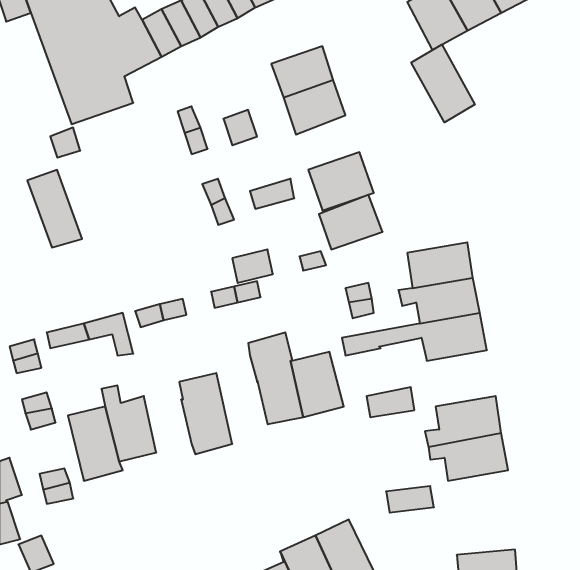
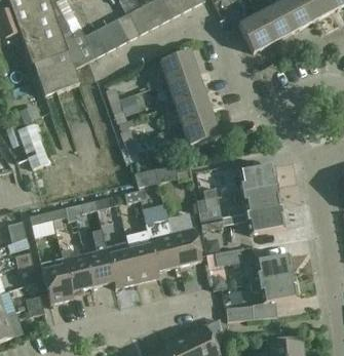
building: [411,45,475,122] -> none
building: [319,195,383,249] -> [175,90,212,122]
building: none -> [86,229,114,286]
building: none -> [126,230,160,281]

